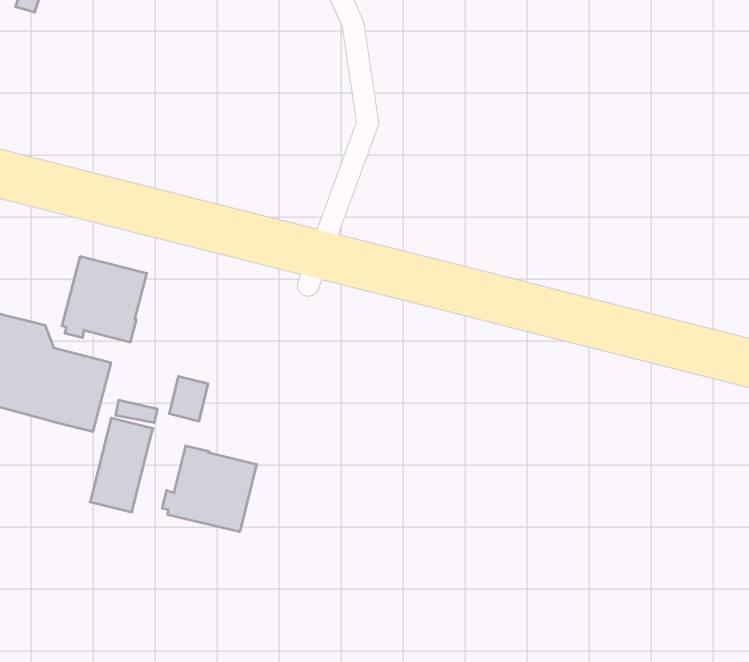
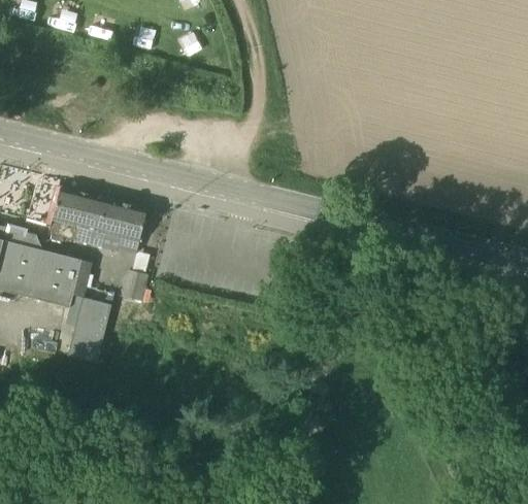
building: none -> [95,199,146,254]
building: [162,446,257,532] -> none

